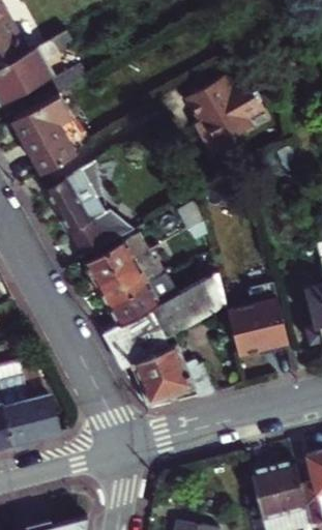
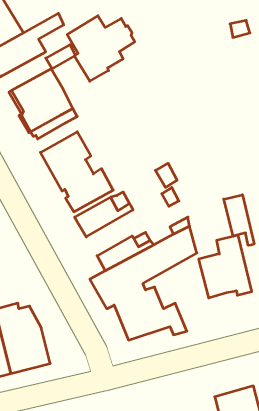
building: [186,77,264,152] -> [67,16,135,81]
building: none -> [224,195,254,245]
building: [99,257,164,310] -> none

